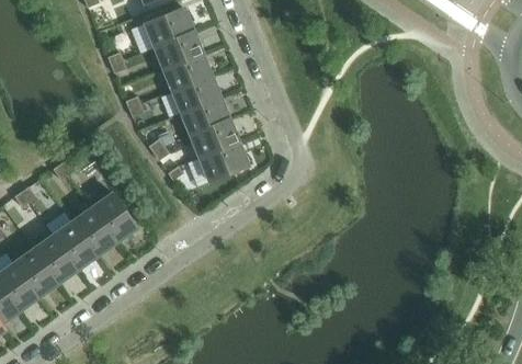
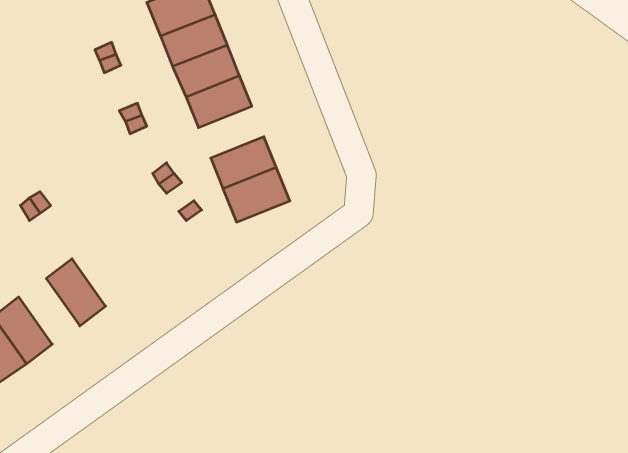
building: [181,98,228,135] -> none
building: [90,193,136,241] -> none
building: [52,221,95,269] -> none

